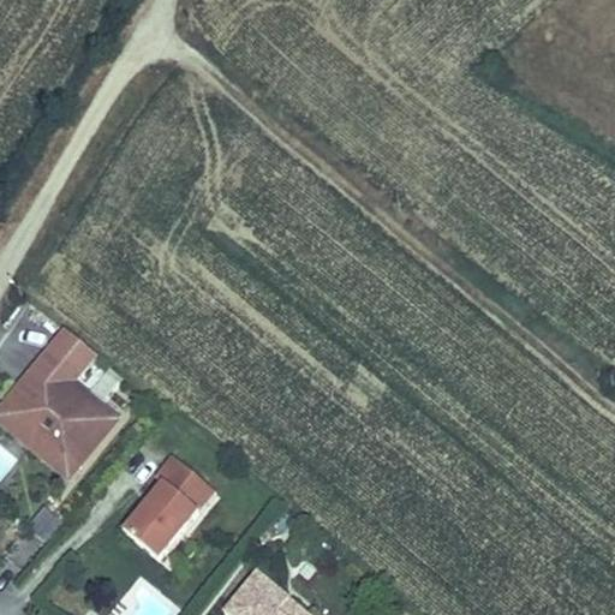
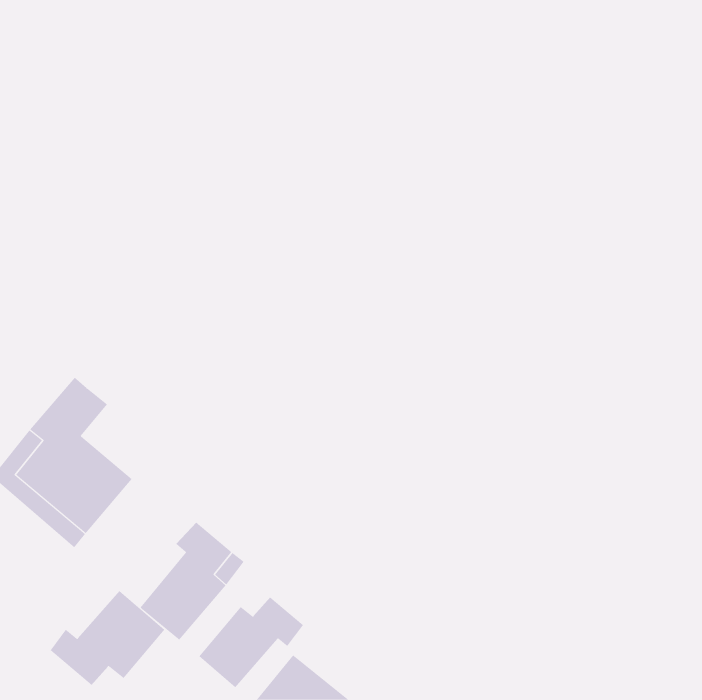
building: none -> [50,590,165,686]
building: none -> [198,597,304,688]

